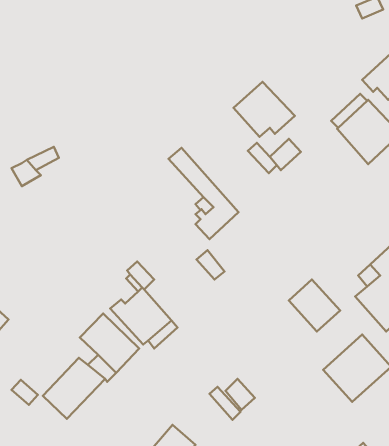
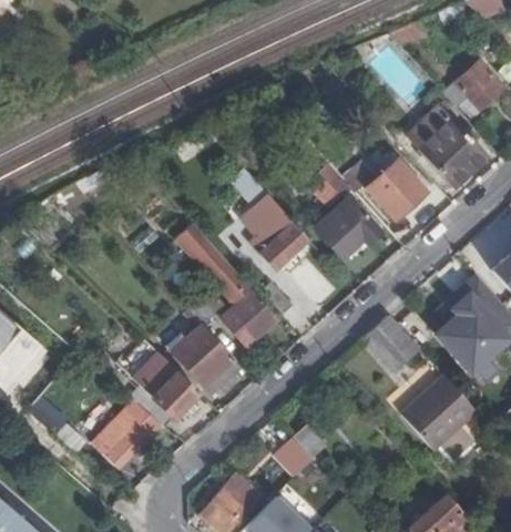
building: [234,82,295,137] -> [365,160,432,221]
building: none -> [317,201,379,259]
building: none -> [174,223,277,347]

